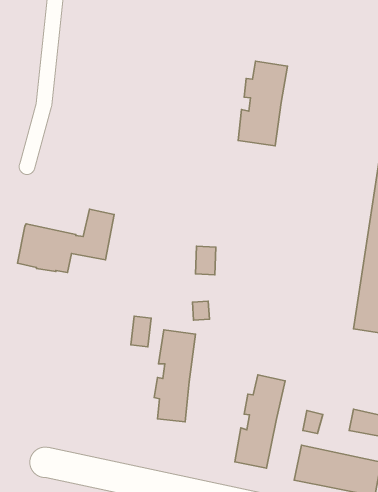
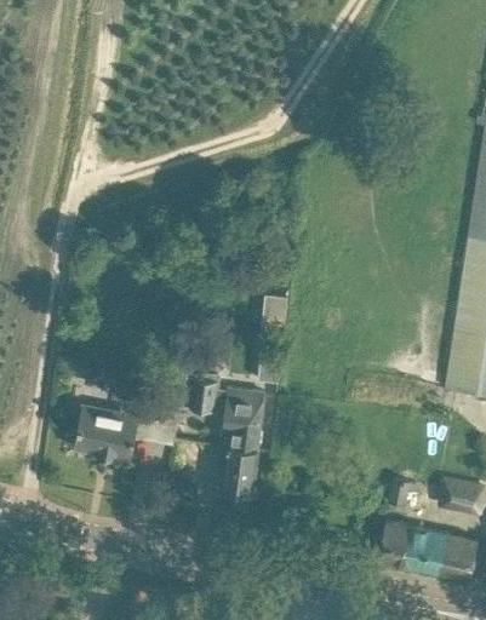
building: [238,61,287,146] -> none
building: [18,209,114,273] -> [74,388,184,460]
building: [235,375,285,468] -> none

